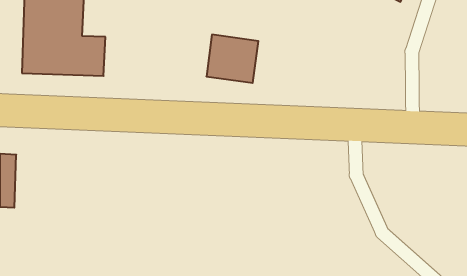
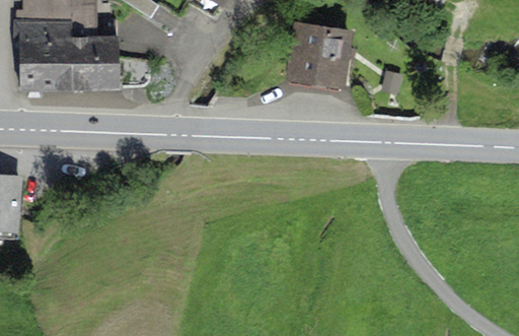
building: [206,35,258,83] -> [294,33,351,86]

